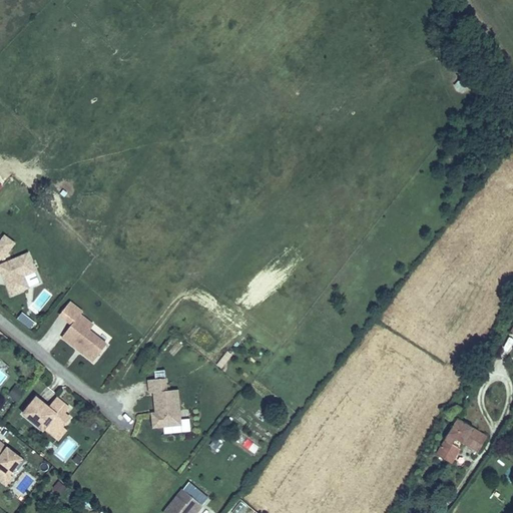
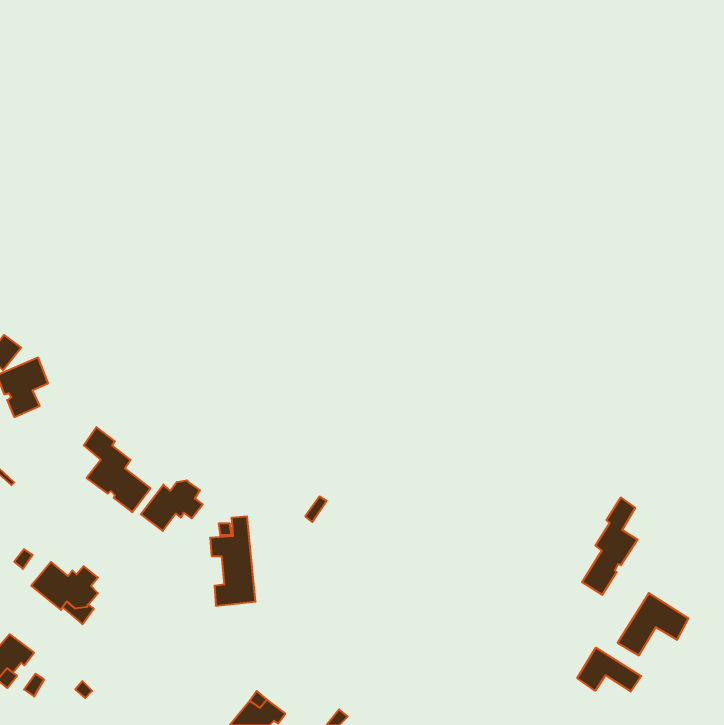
building: none -> [141,480,203,531]
building: none -> [582,497,638,595]
building: none -> [577,648,641,692]

